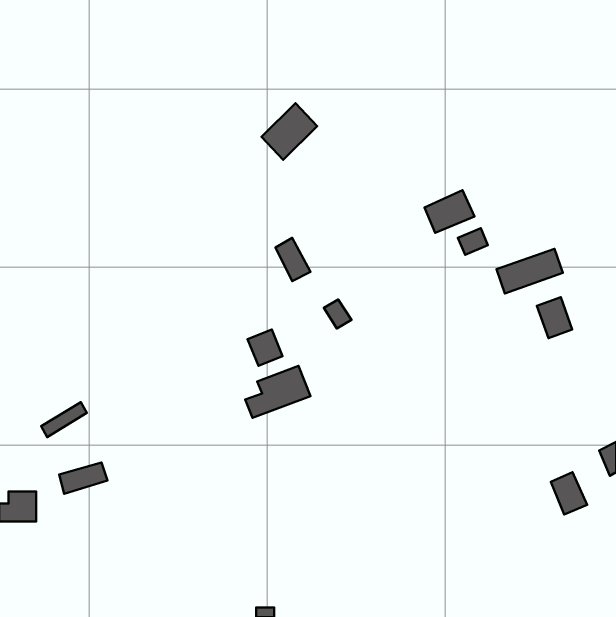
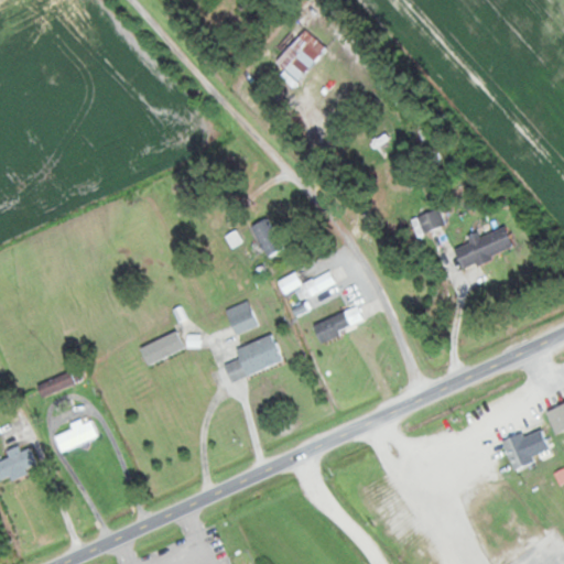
building: [262,103,317,160] -> [275,29,326,80]
building: [424,190,474,233] -> none
building: [537,297,572,338] -> none
building: none -> [313,313,351,340]
building: none -> [140,330,185,365]

